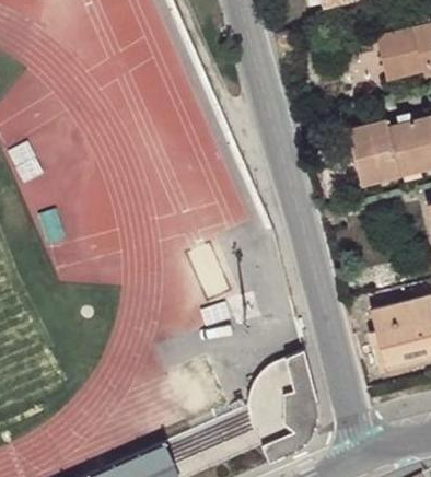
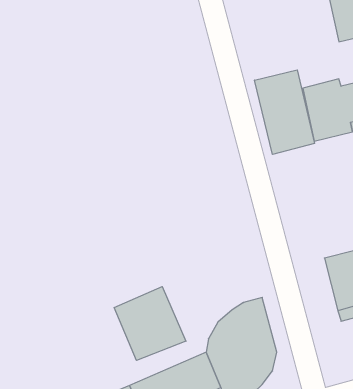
building: none -> [255,70,315,154]
building: none -> [114,287,186,360]

